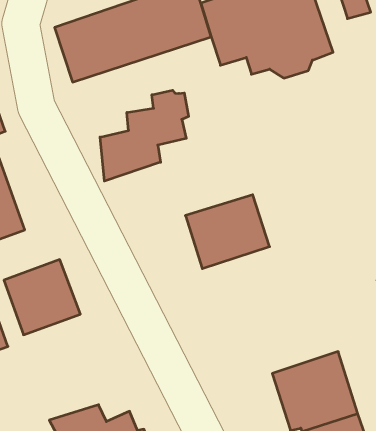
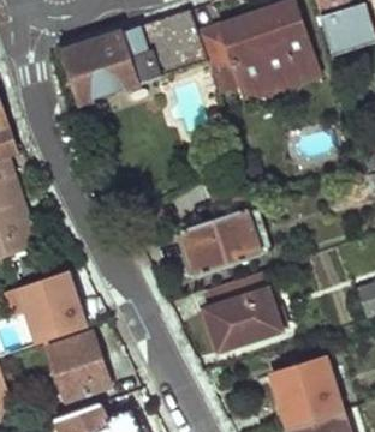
building: [100,90,189,181] -> none
building: none -> [202,271,279,350]
building: none -> [47,331,108,402]

